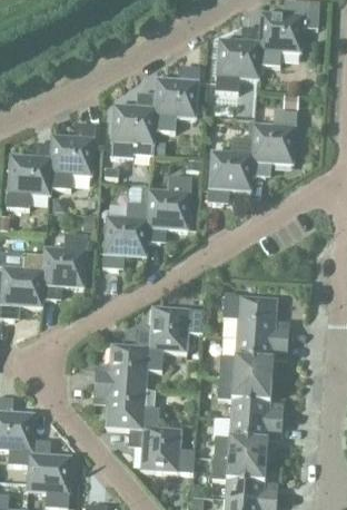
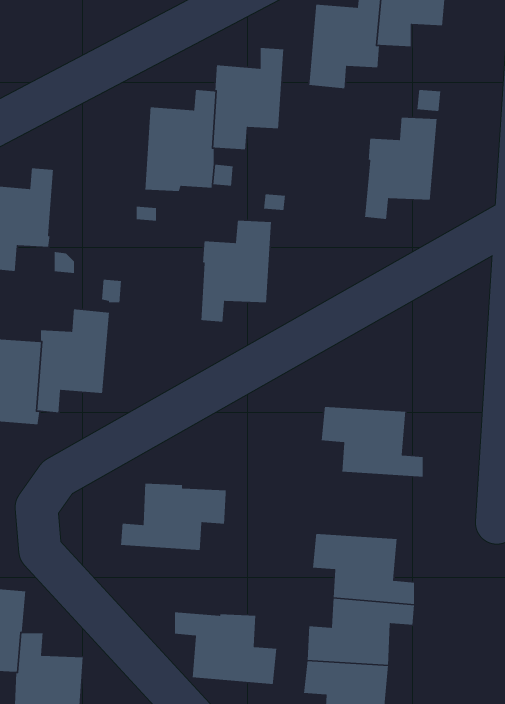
building: [49,124,96,188] -> none
building: [207,137,254,203] -> none
building: [102,203,148,268] -> none
building: [135,306,204,352] -> none
building: [219,337,288,380] -> none
building: [93,384,159,429] -> none

